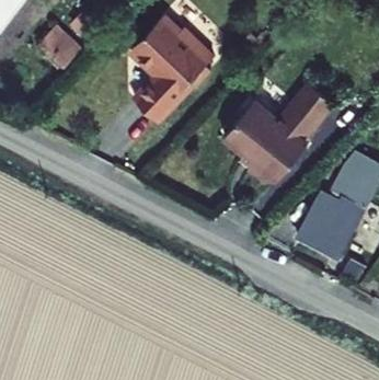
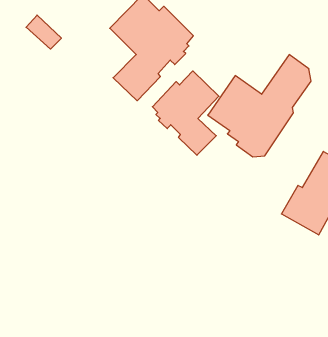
building: none -> [152,71,219,155]

